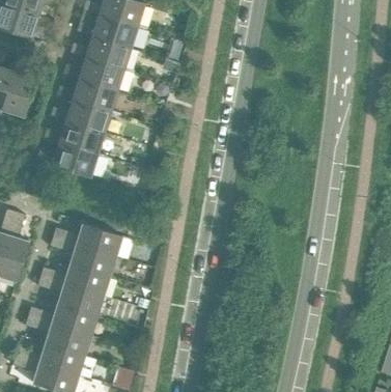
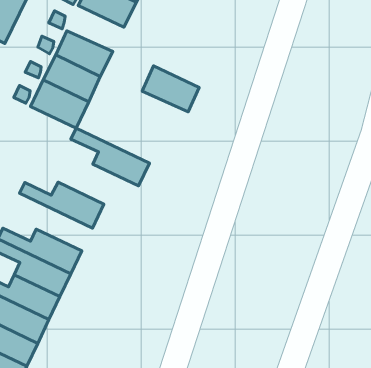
building: [72,79,117,112] -> [142,66,199,112]
building: [49,237,115,277] -> [71,128,149,186]

